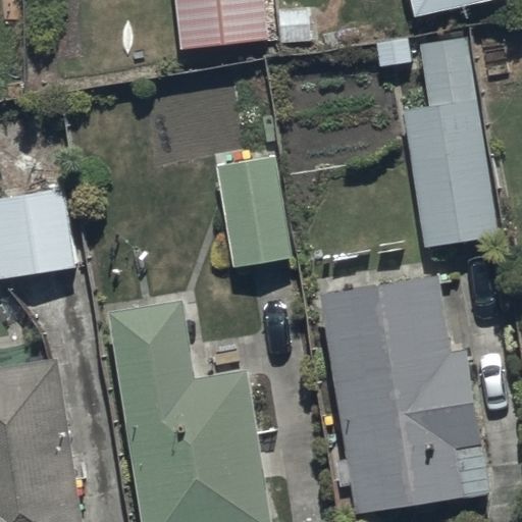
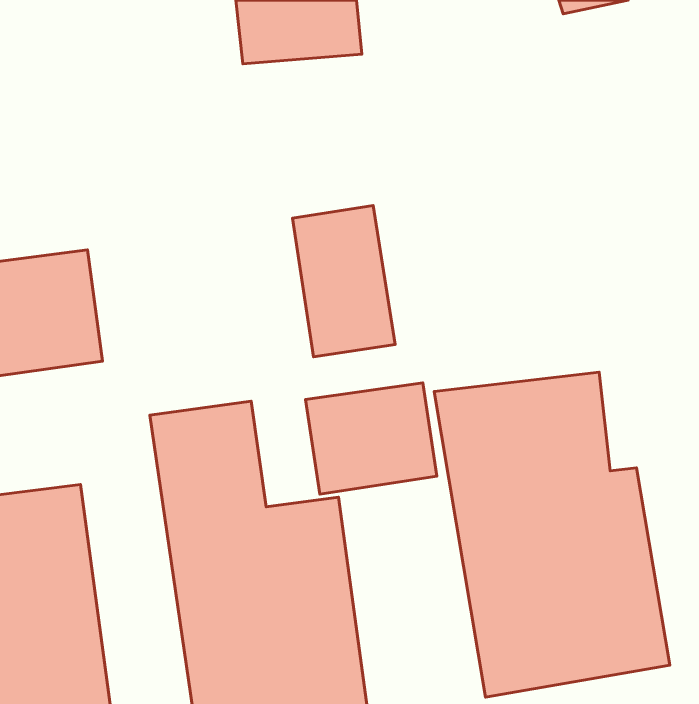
building: [403,36,492,247] -> none
building: none -> [306,383,437,494]

